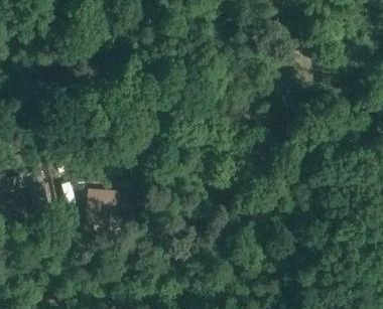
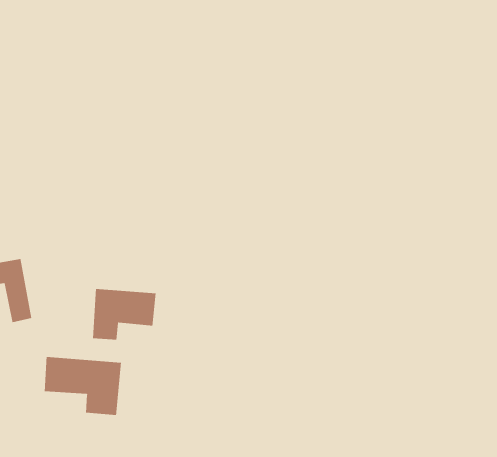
building: none -> [44,356,121,416]

